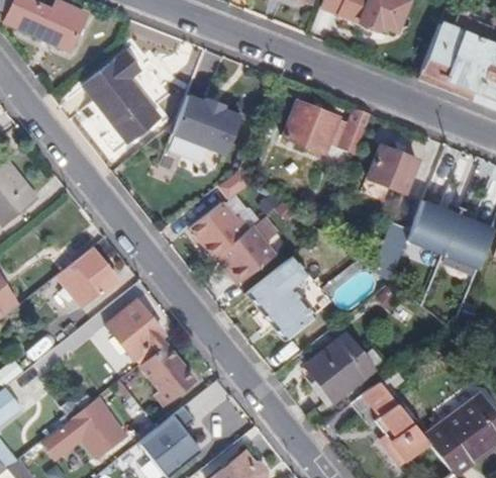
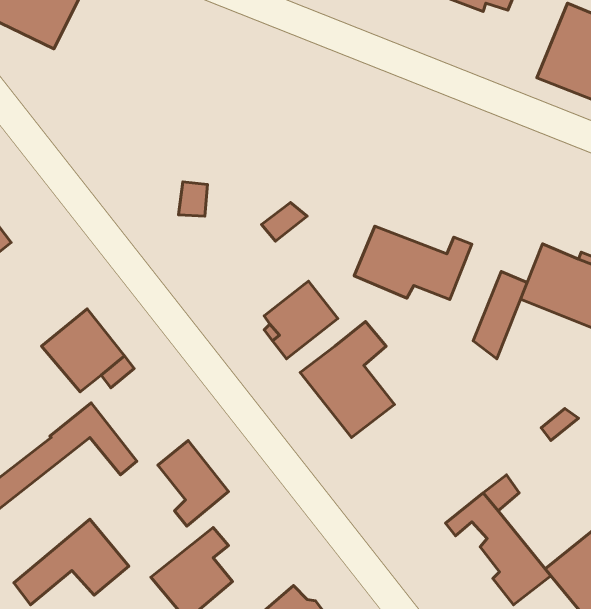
building: [81,51,160,144] -> none
building: [173,94,241,154] -> none
building: [286,100,372,154] -> [354,226,472,299]
building: [370,144,419,192] -> none
building: [191,201,251,258] -> none
building: [107,299,164,357] -> none
building: [307,336,375,401] -> none

